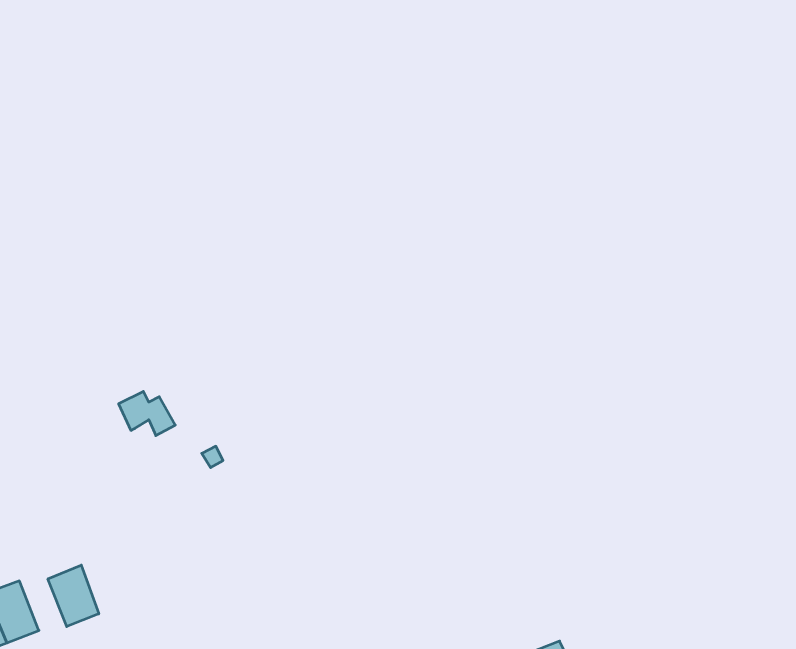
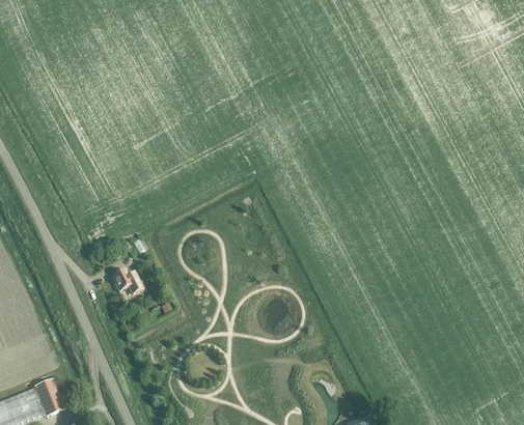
building: [48,565,99,627] -> none

